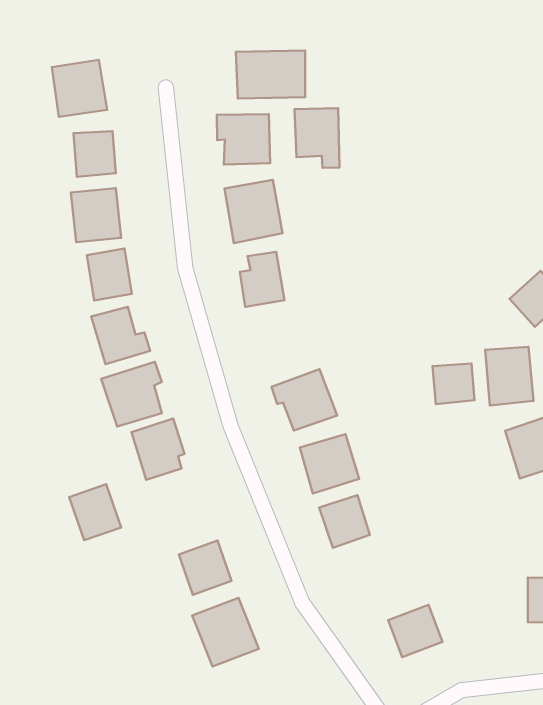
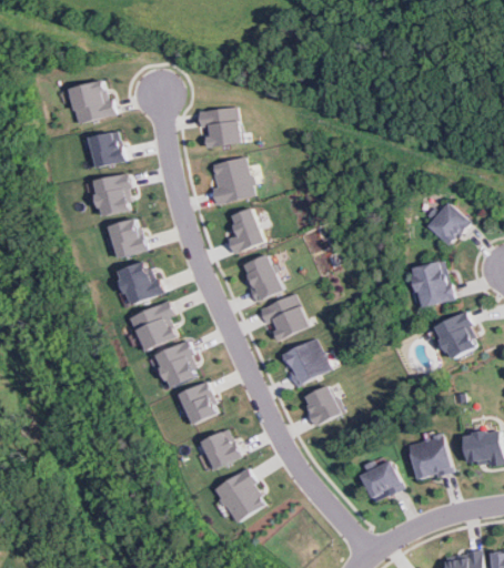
building: [236,50,305,98] -> none
building: [294,108,340,168] -> none
building: none -> [241,254,281,303]
building: [432,363,474,404] -> none
building: [69,484,121,540] -> [178,382,219,425]
building: none -> [410,436,451,479]

